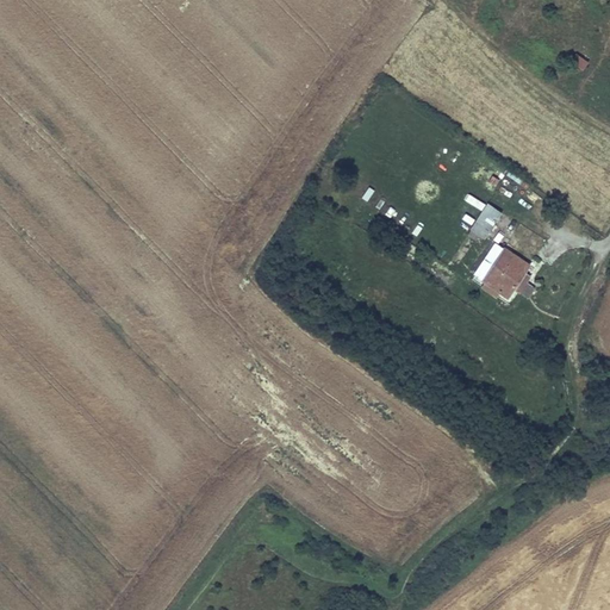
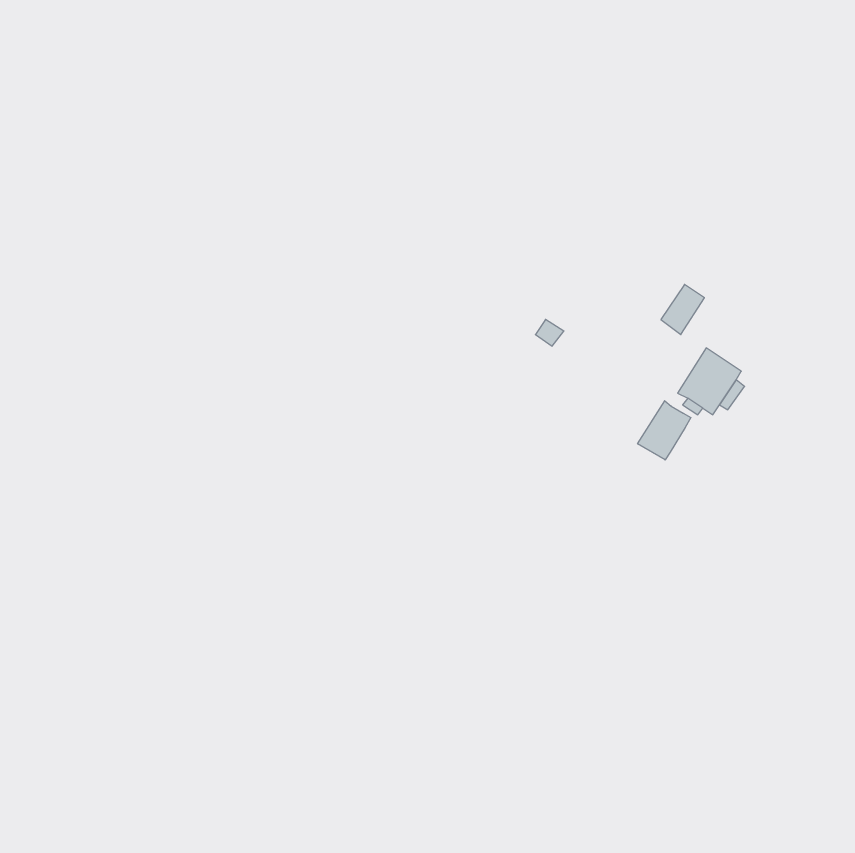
building: none -> [638,401,691,460]

